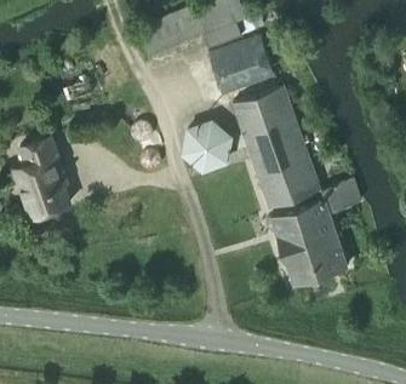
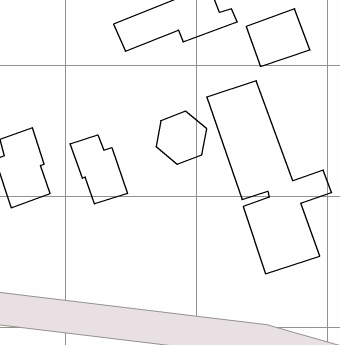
building: [210,38,275,97] -> [246,9,310,66]
building: none -> [70,135,127,204]

